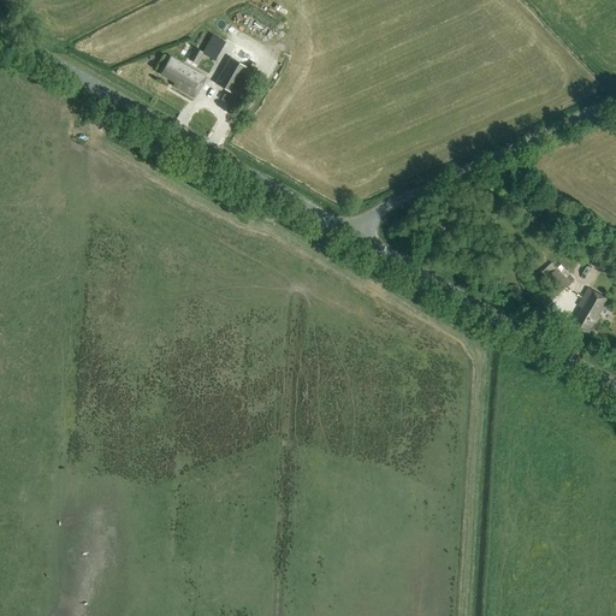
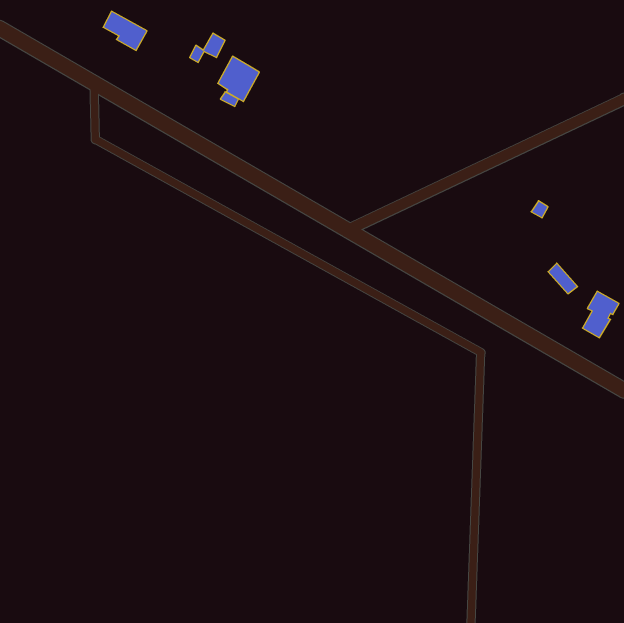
building: [160,57,203,95] -> [103,11,147,50]

